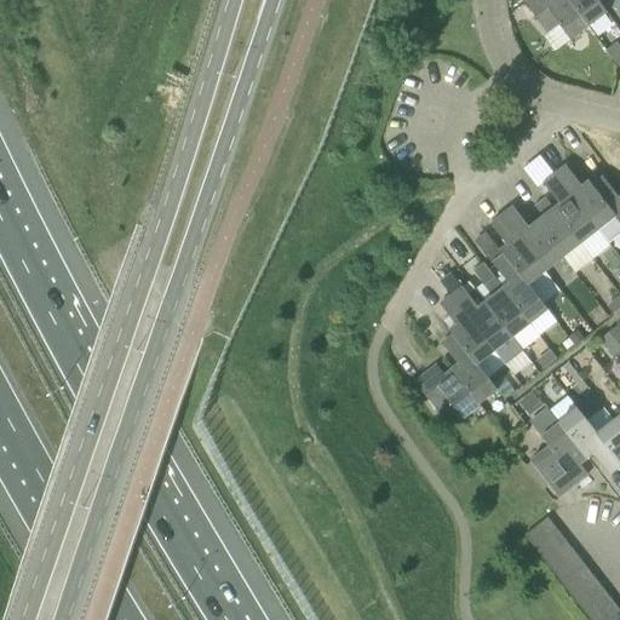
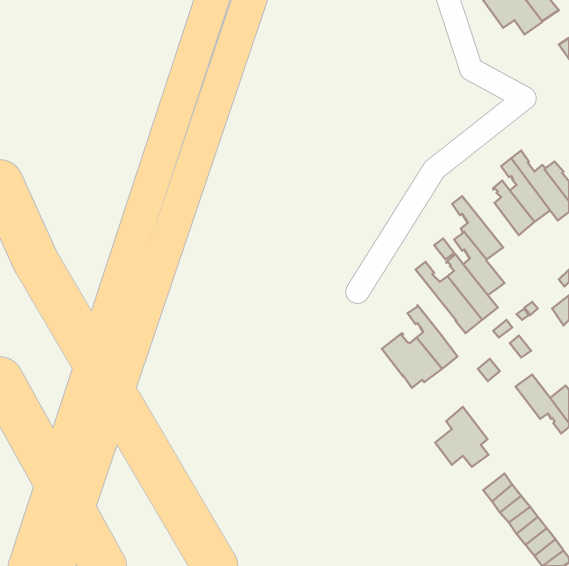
building: [503,205,564,269] -> none
building: [441,293,496,362] -> none
building: [530,420,589,486] -> [435,407,488,467]

